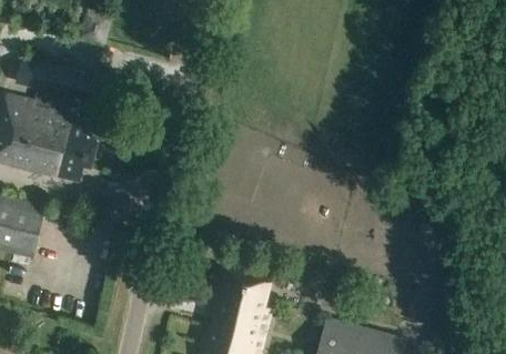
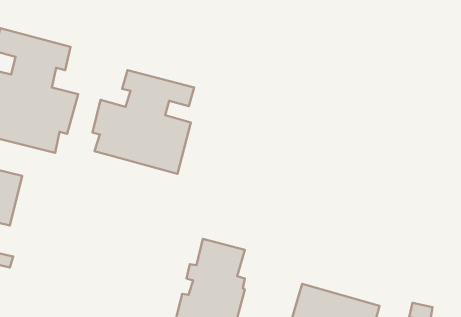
building: none -> [93,70,194,174]

